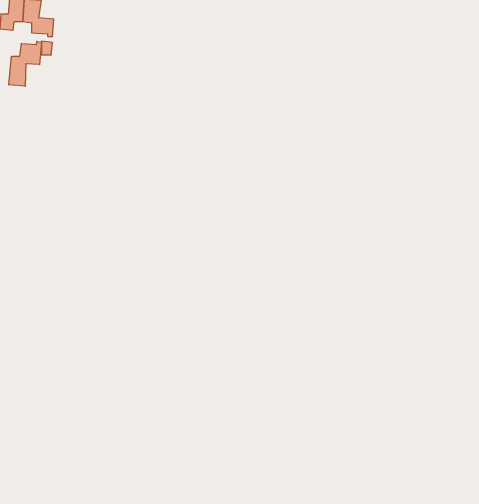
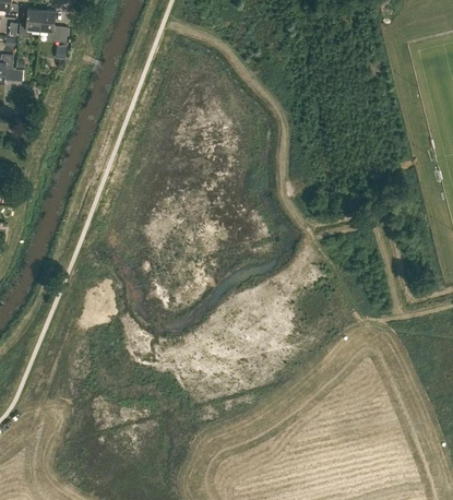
building: [9,41,41,86] -> none

